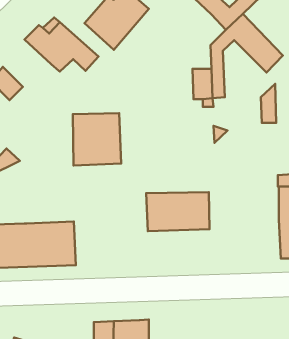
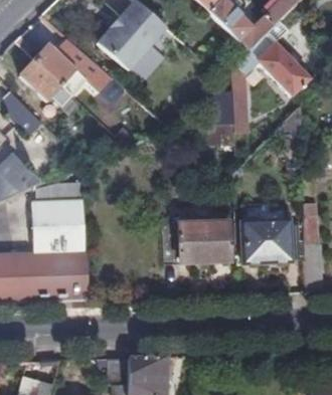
building: none -> [21,59,63,102]
building: [73,113,121,165] -> [36,199,88,254]
building: none -> [242,219,293,262]

